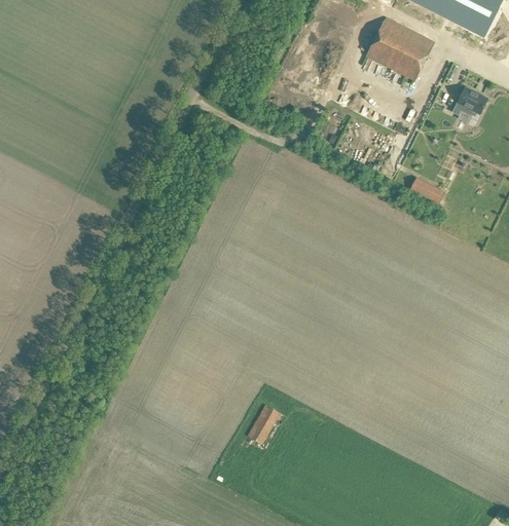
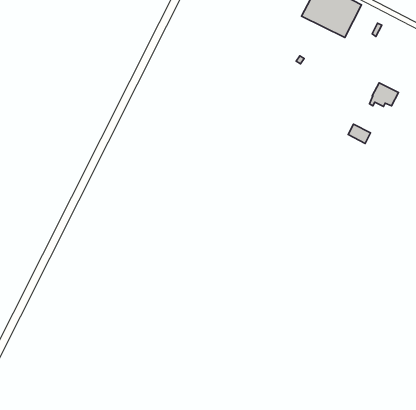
building: [453,87,487,115] -> [369,83,399,107]
building: [247,405,279,443] -> none

